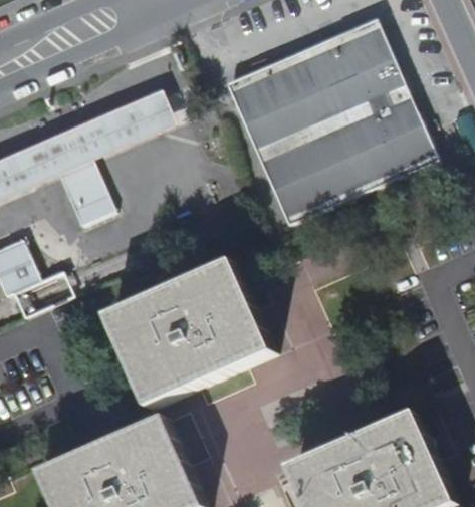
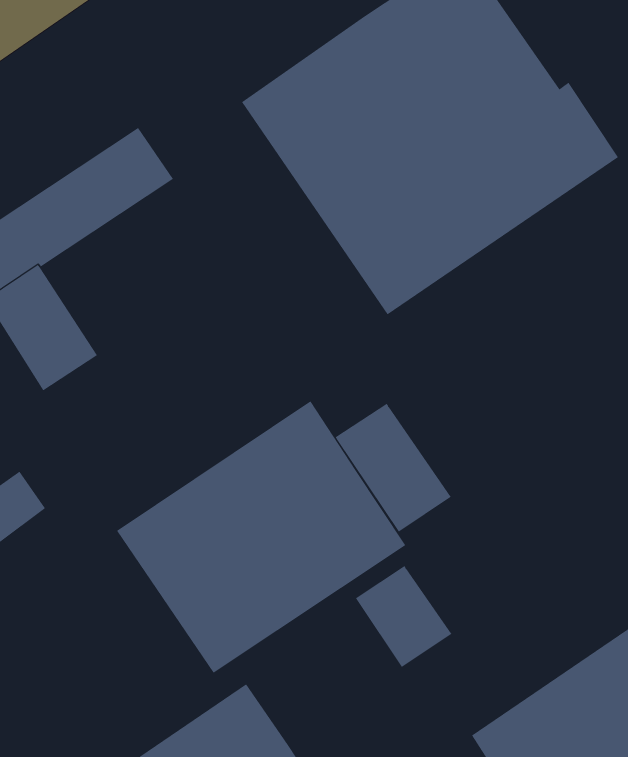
building: none -> [335,403,452,533]
building: none -> [355,565,452,668]

